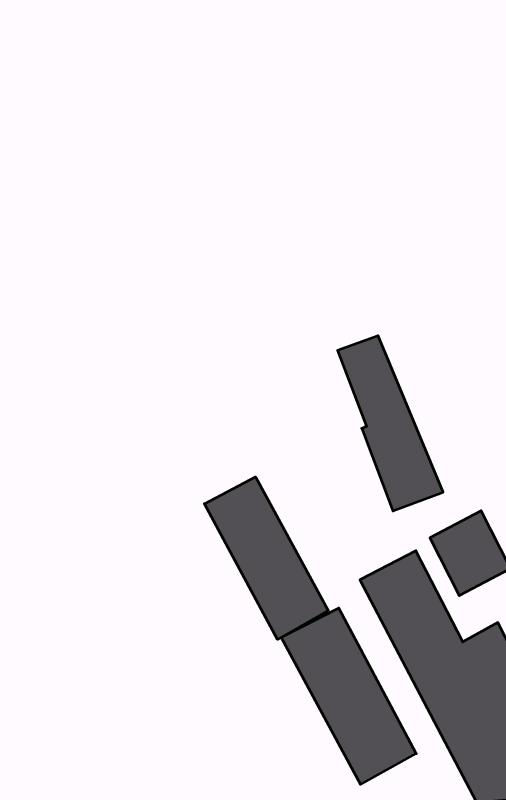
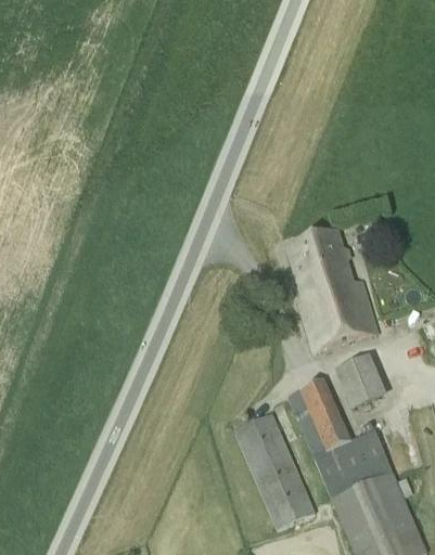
building: none -> [311,229,379,343]
building: [204,477,328,639] -> none

